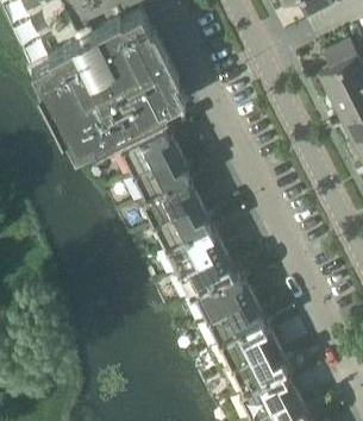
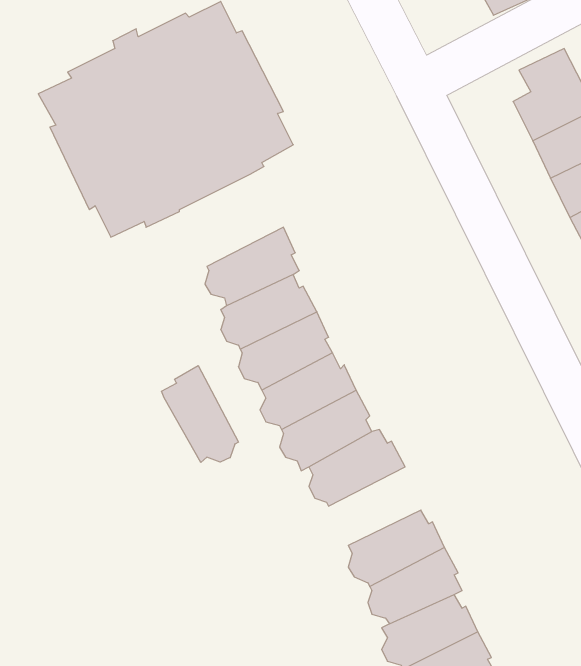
building: [117,115,180,171] -> none
building: none -> [162,366,238,462]
building: [206,293,263,340] -> none

